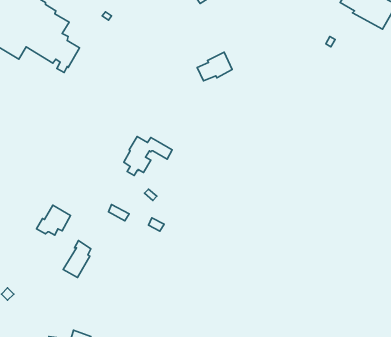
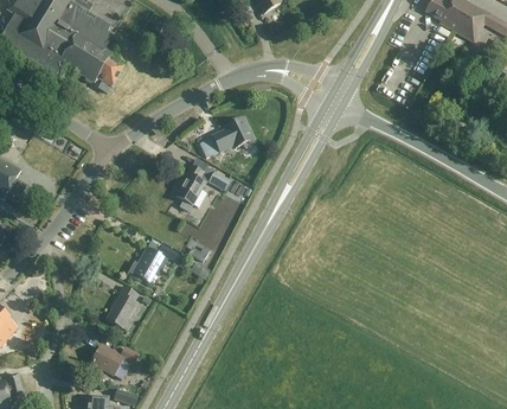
building: [197,52,232,81] -> [211,117,251,151]
building: [36,205,70,235] -> [127,247,166,281]
building: none -> [89,344,137,373]

